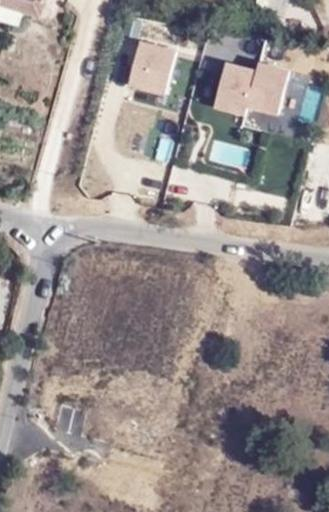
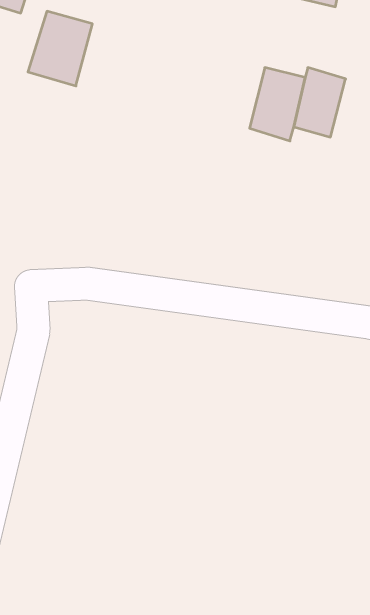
building: [126,37,177,96] -> [28,11,92,86]

